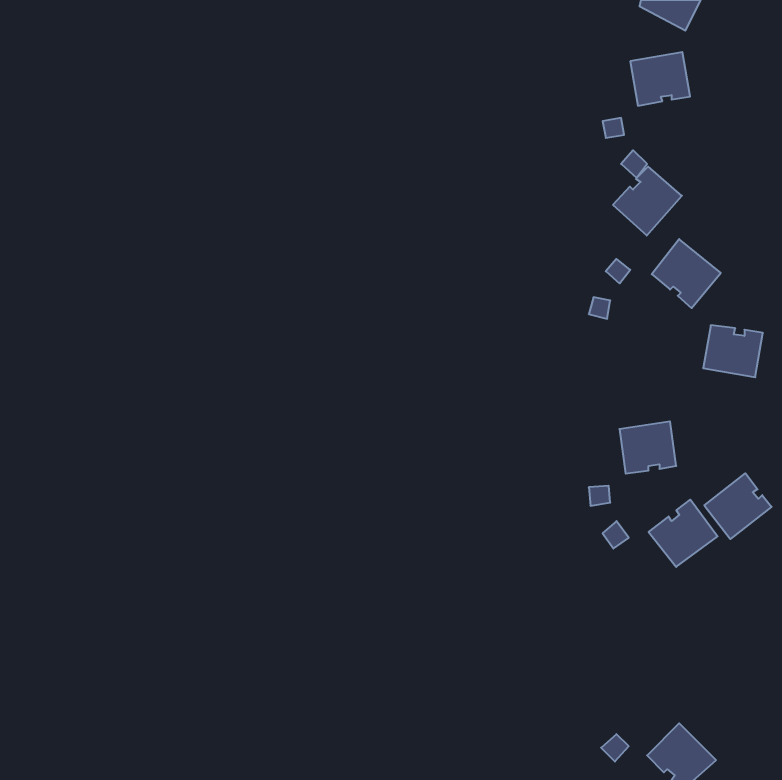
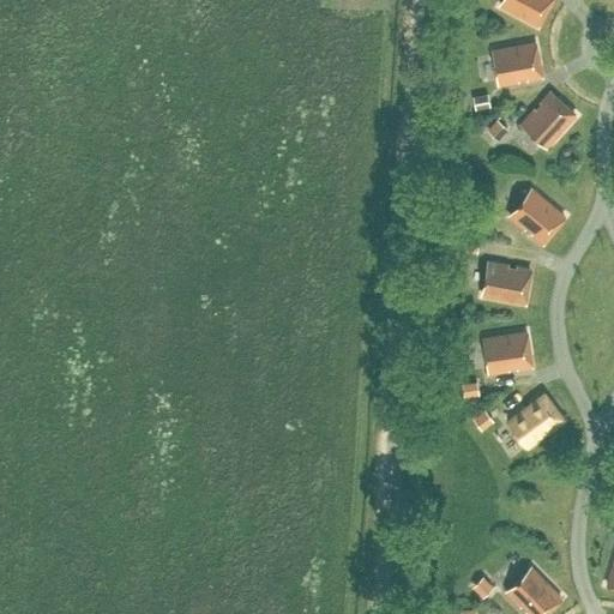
building: [613,167,682,236] -> [522,94,576,148]
building: [703,325,763,377] -> [483,263,530,303]
building: [704,473,772,539] -> none

